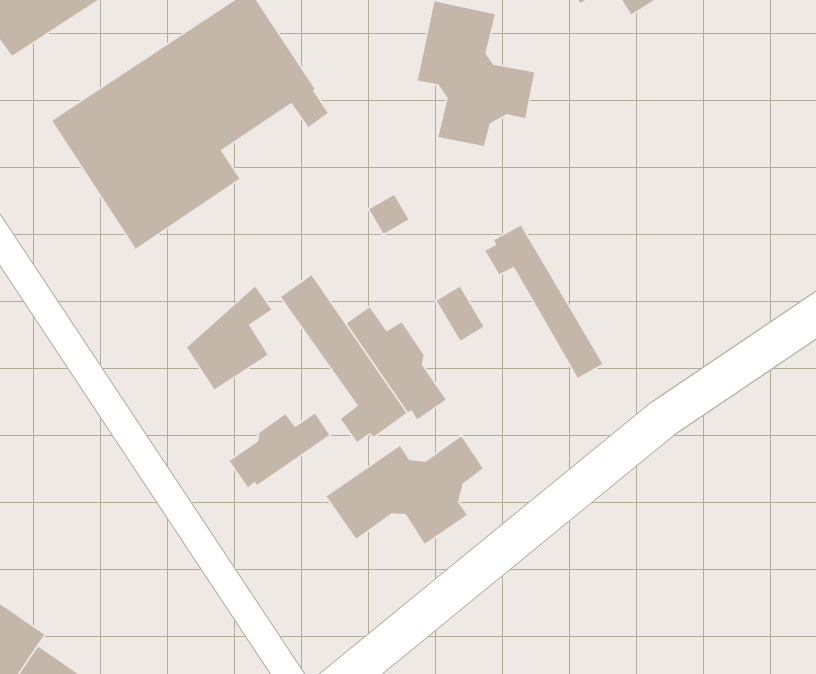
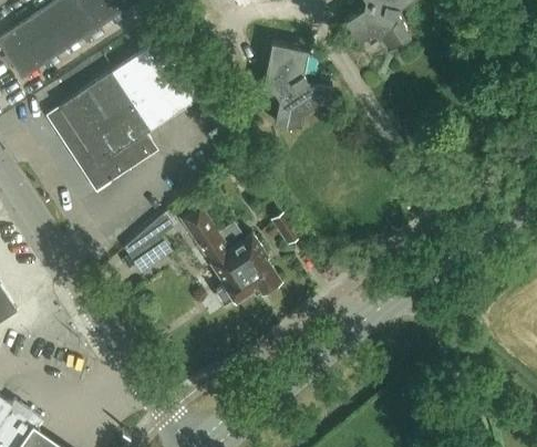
building: [484,224,604,379] -> none
building: [229,413,331,489] -> none
building: [325,435,484,545] -> none

